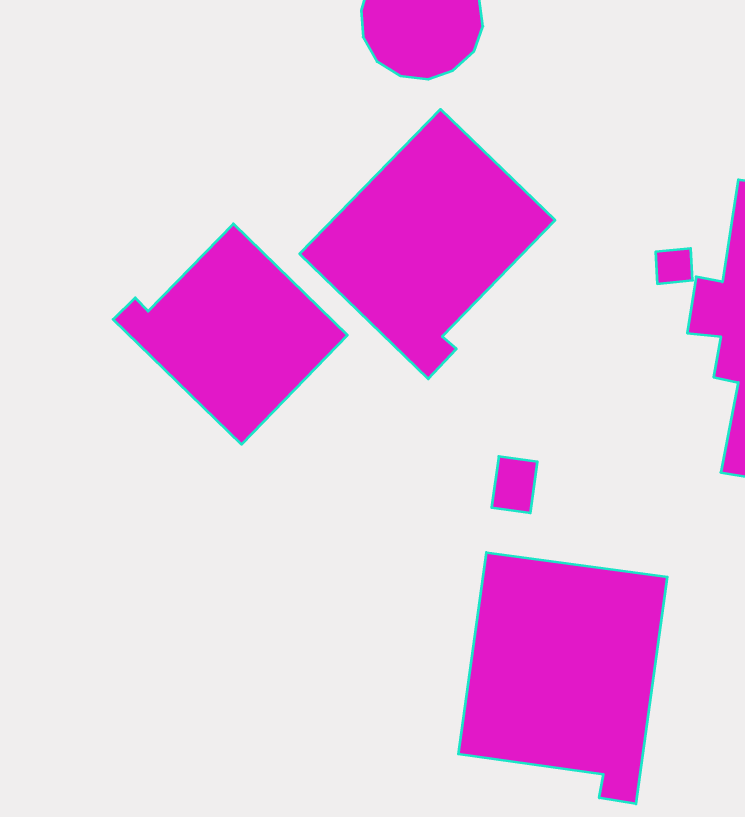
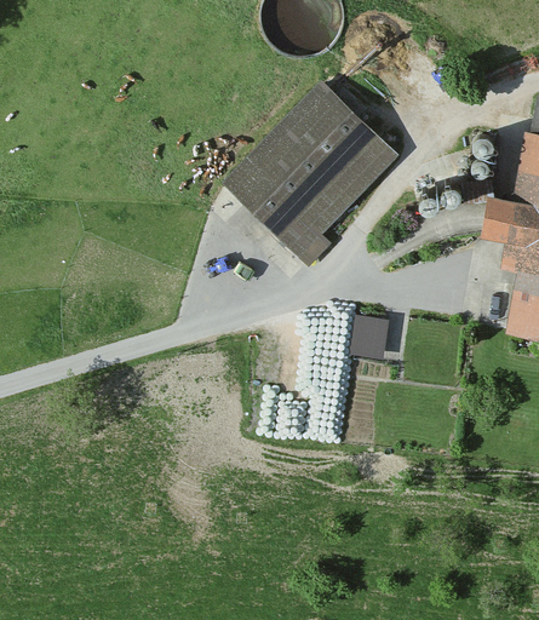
building: [113,224,347,444] -> none
building: [458,552,667,804] -> none

